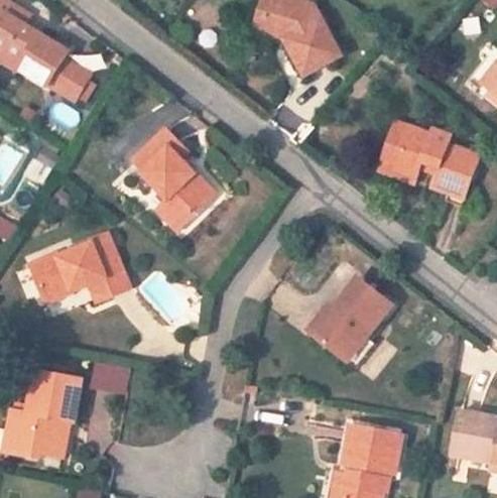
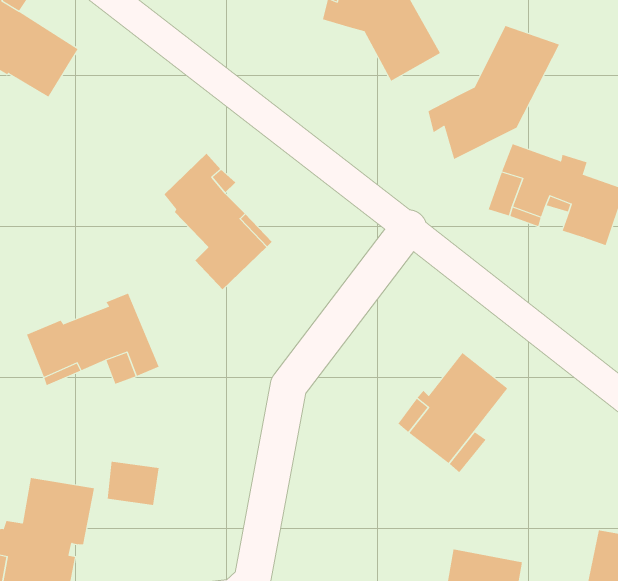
building: none -> [428,25,560,160]
building: [48,58,93,104] -> none

